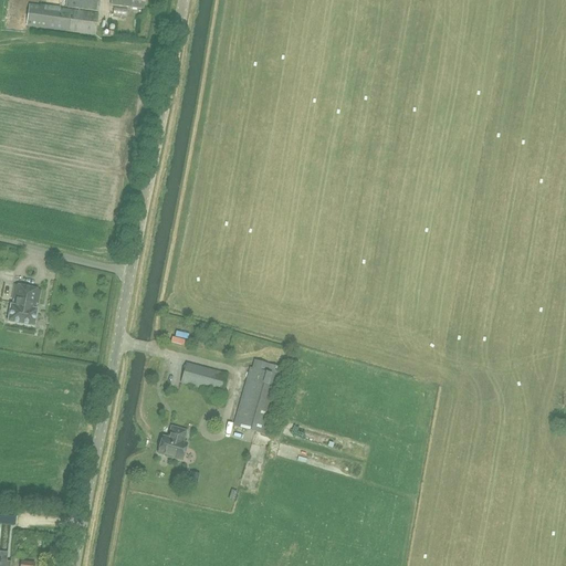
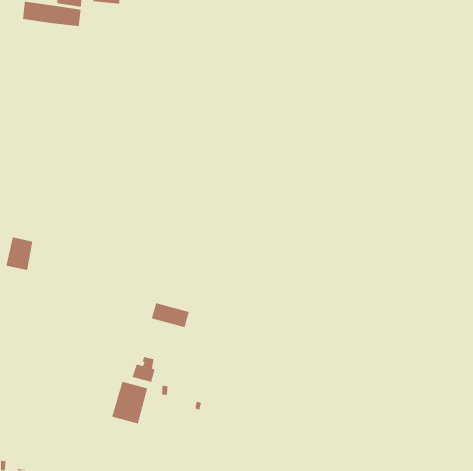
building: [233,357,282,431] -> none
building: none -> [111,381,148,425]

